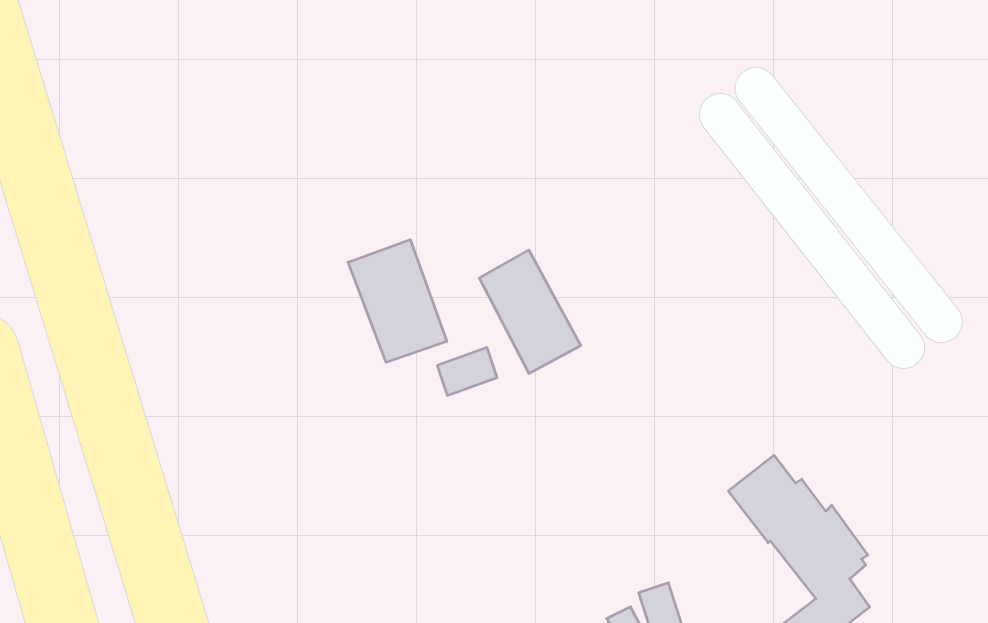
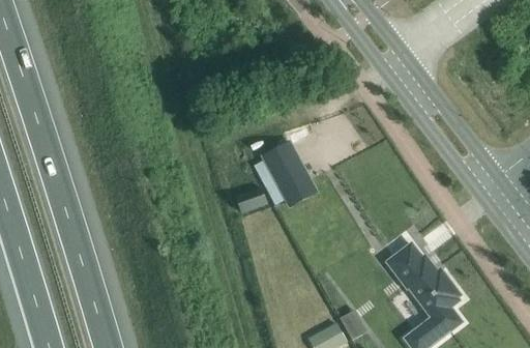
building: [348,240,447,362] -> none

